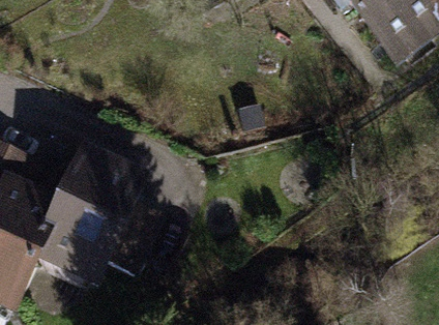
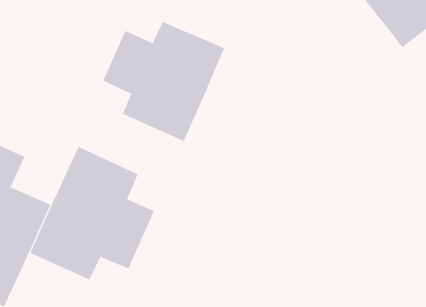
building: none -> [102,21,225,142]

